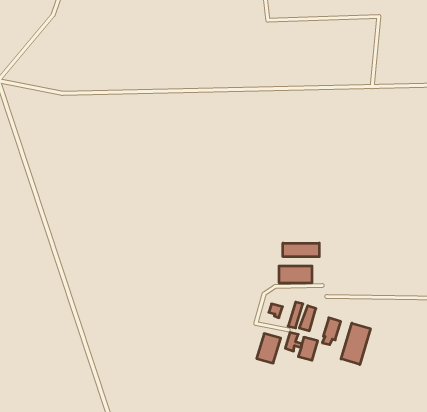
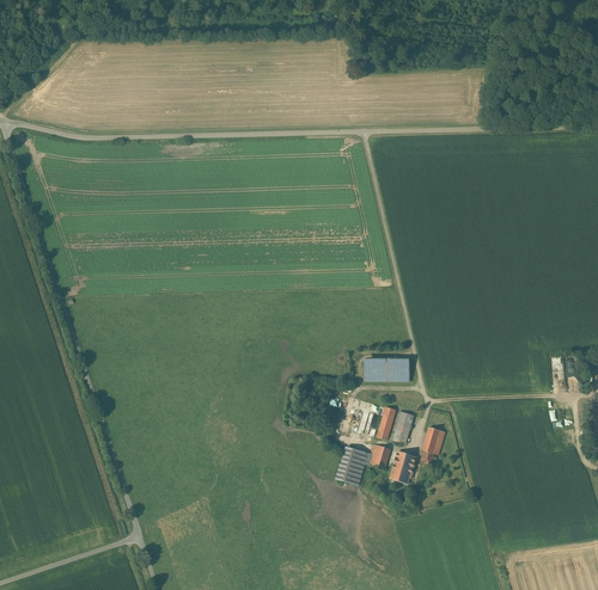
building: [283,243,319,257] -> none
building: [341,323,370,365] -> none

